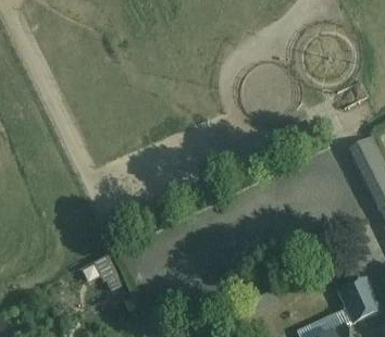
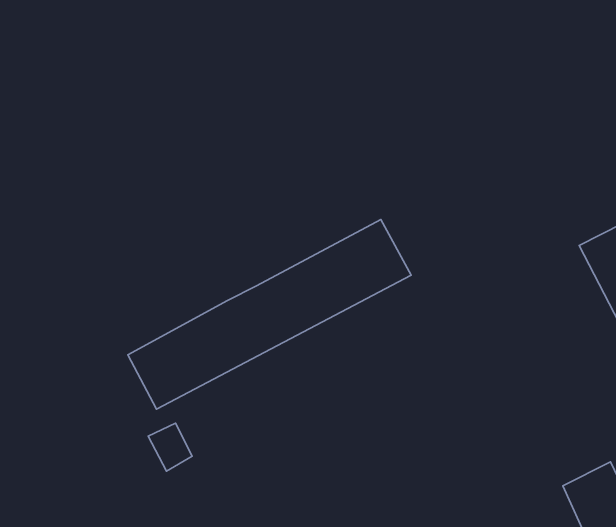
building: none -> [128,219,411,409]

